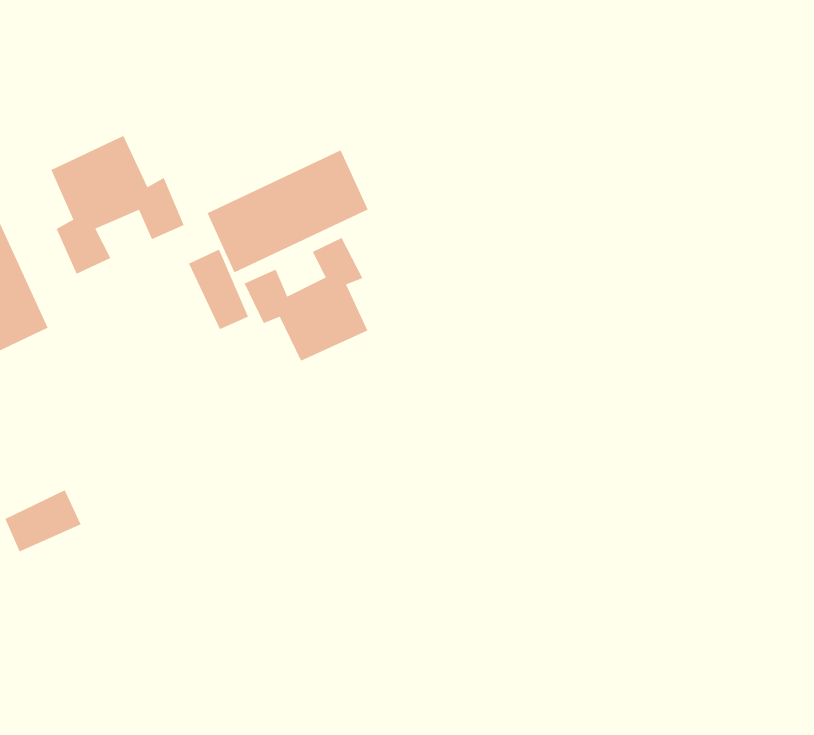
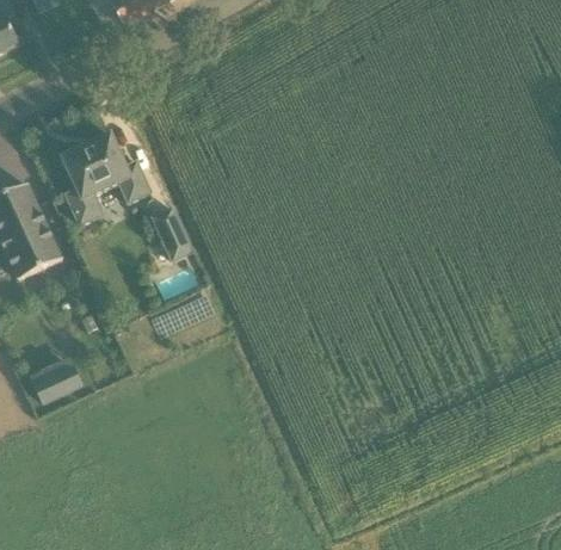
building: [207,150,368,273] -> none
building: [244,237,368,361] -> none

